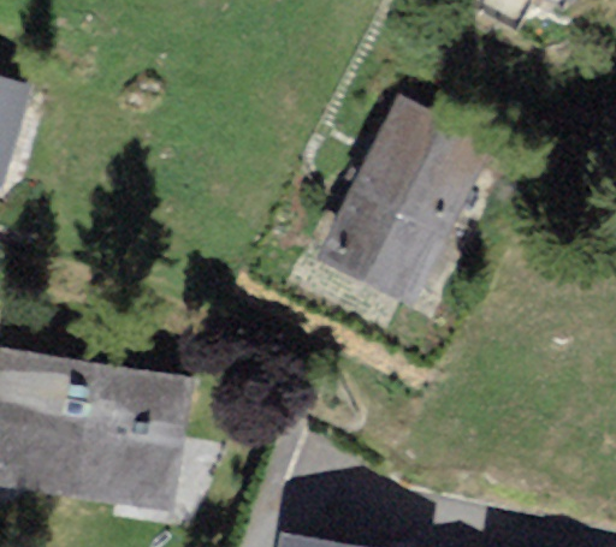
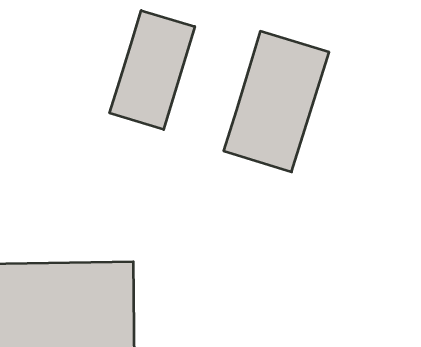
building: none -> [110,10,195,130]

